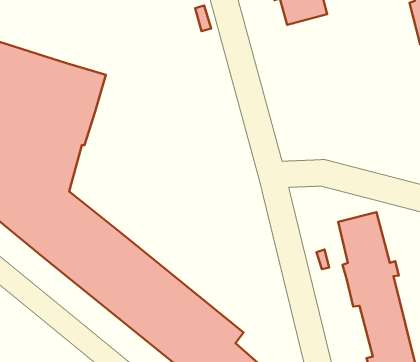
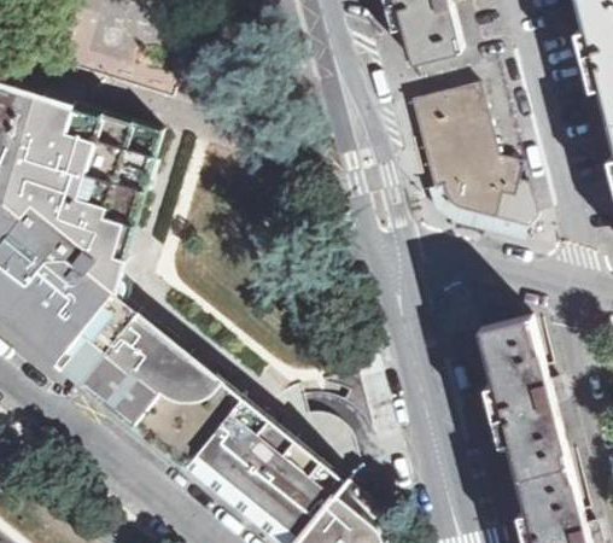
building: none -> [409,84,535,227]

